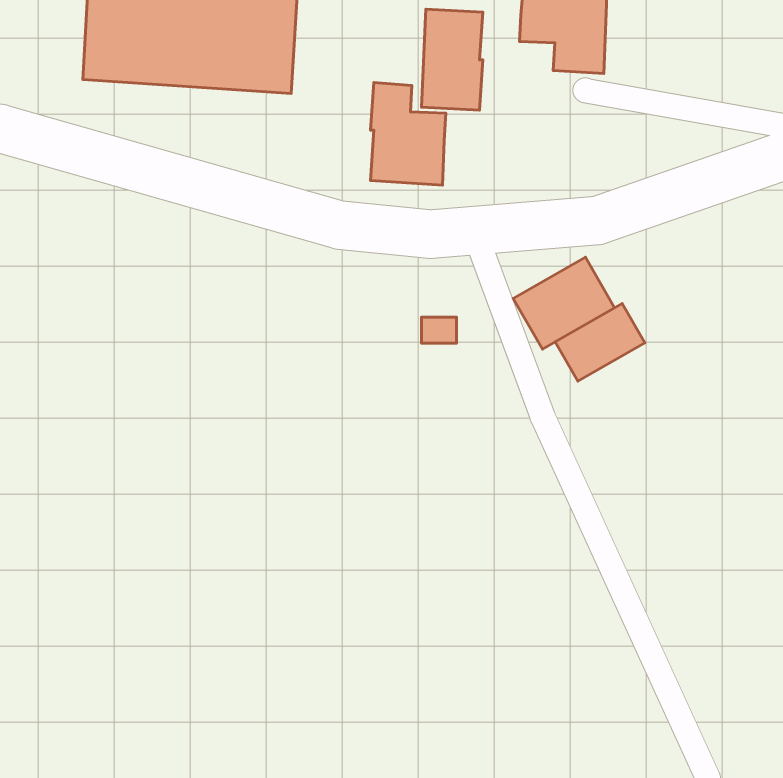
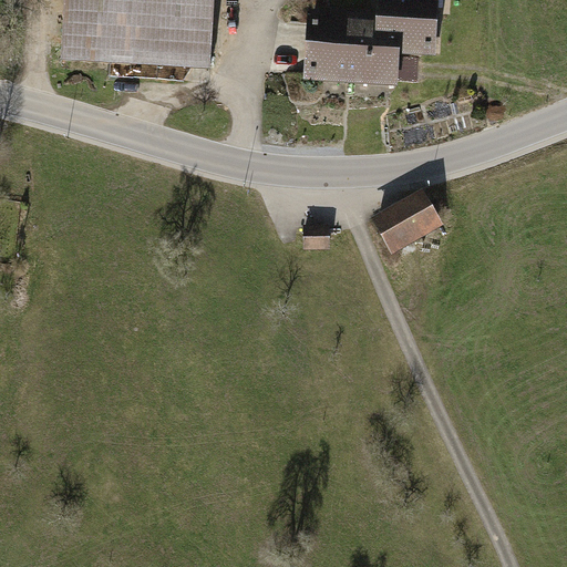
building: [371,83,446,185] -> [347,9,401,83]
building: [555,303,645,381] -> none

